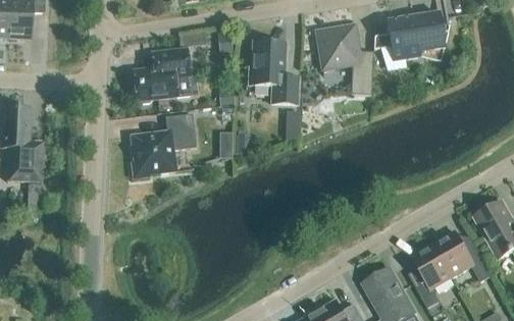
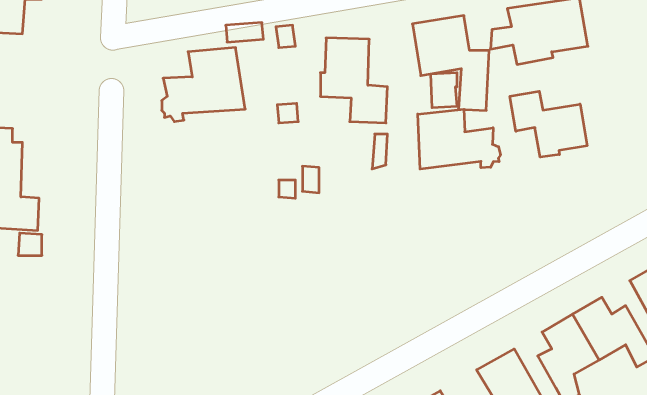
building: none -> [510,91,587,157]
building: none -> [418,109,500,169]
building: [130,113,196,177] -> none

